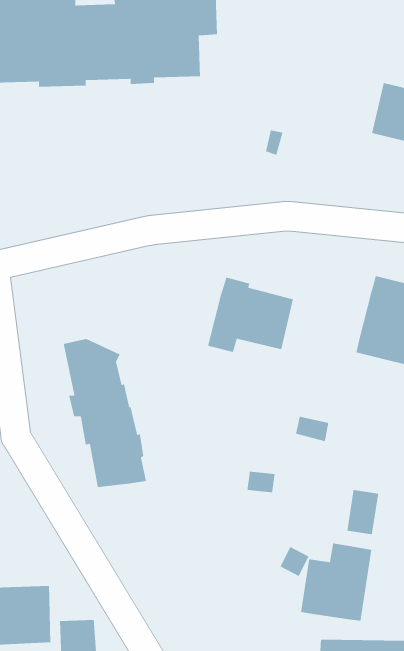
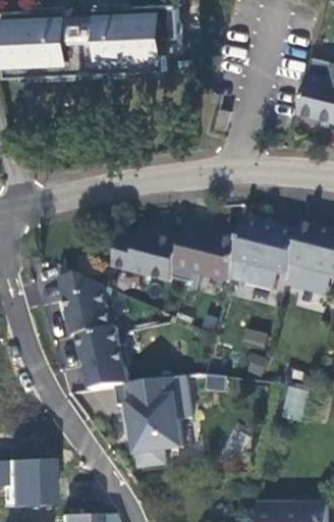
building: none -> [231,221,300,292]
building: none -> [115,230,183,282]
building: none -> [113,376,188,466]
building: [300,543,372,621] -> none

